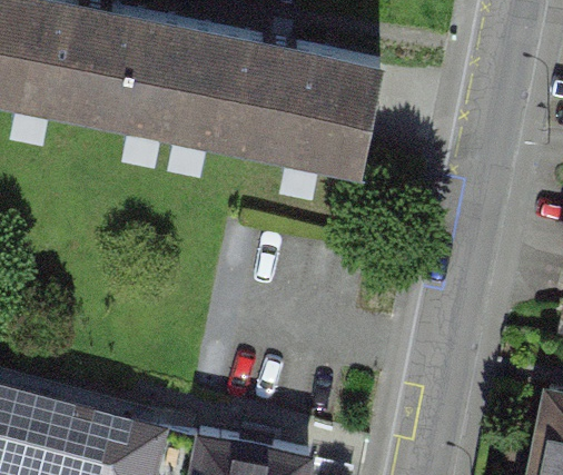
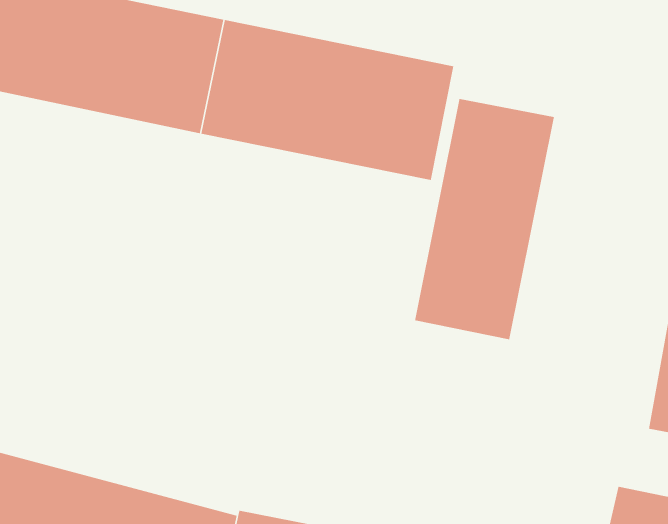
building: none -> [414,98,555,340]

